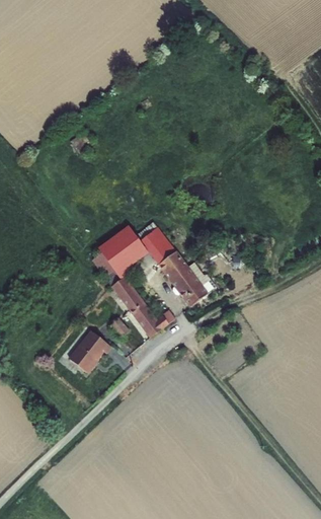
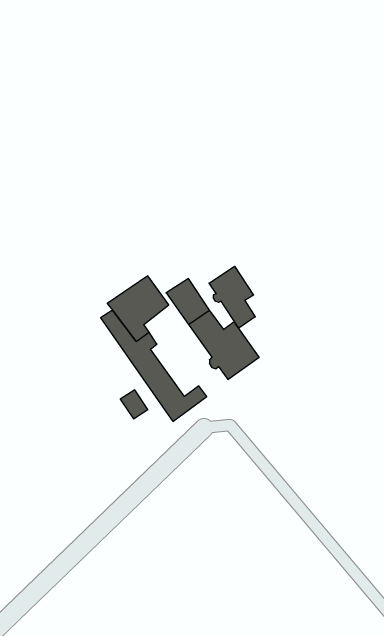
building: none -> [209,266,255,328]
building: [62,326,106,364] -> none

